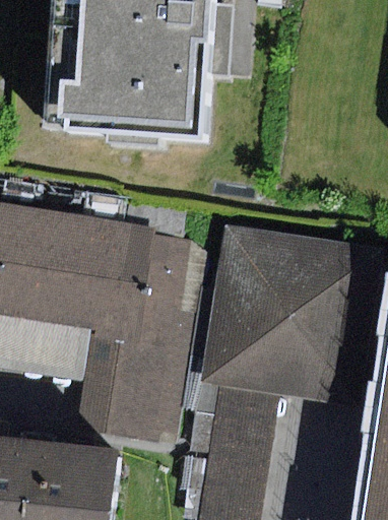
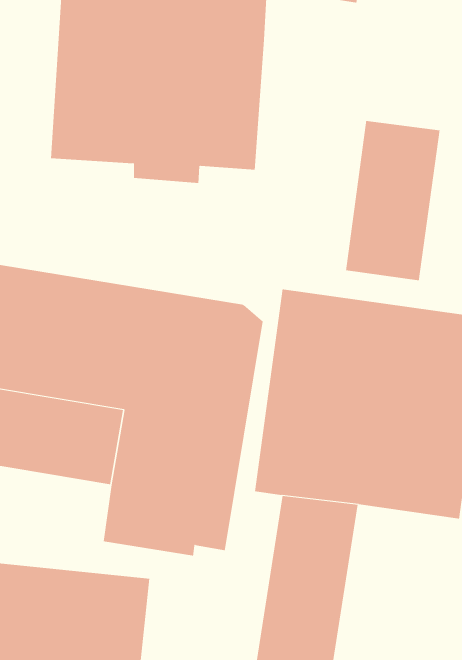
building: none -> [346,120,440,281]

